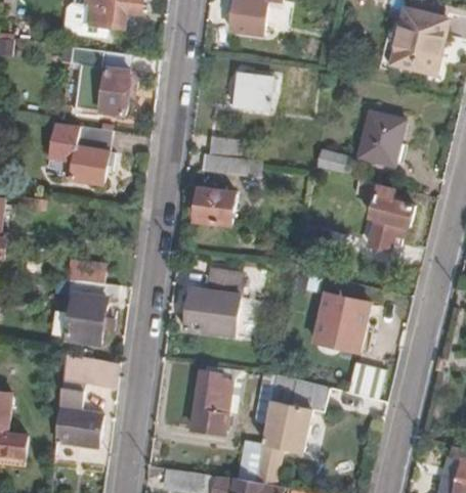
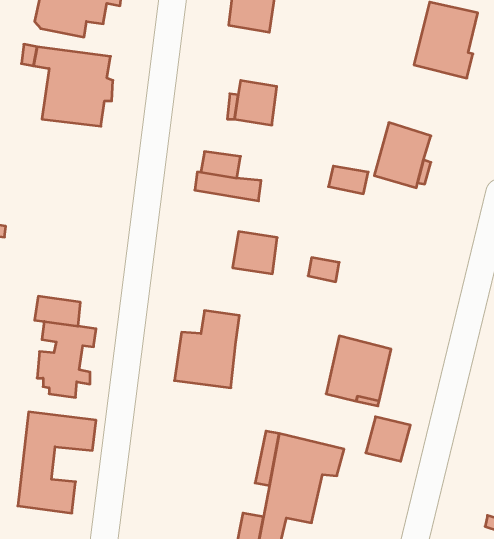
building: [47,123,111,183] -> none
building: [354,179,416,251] -> none
building: [196,189,234,225] -> [233,232,277,274]
building: [189,374,232,438] -> none

